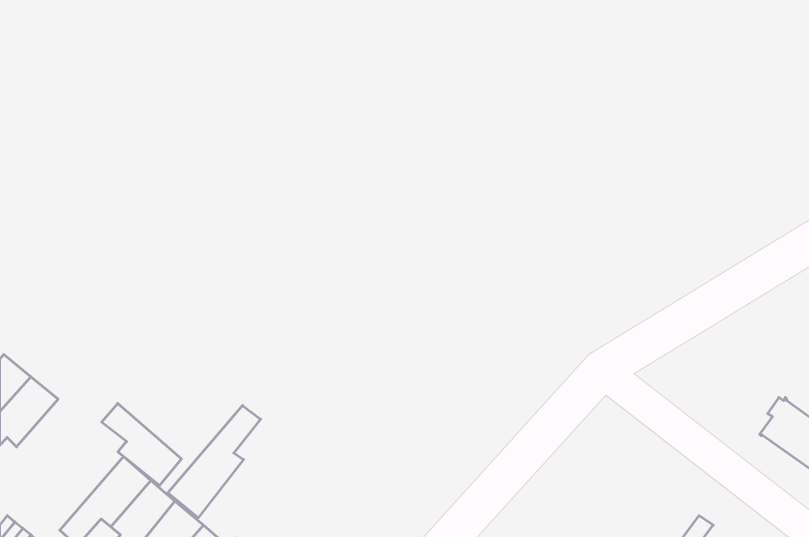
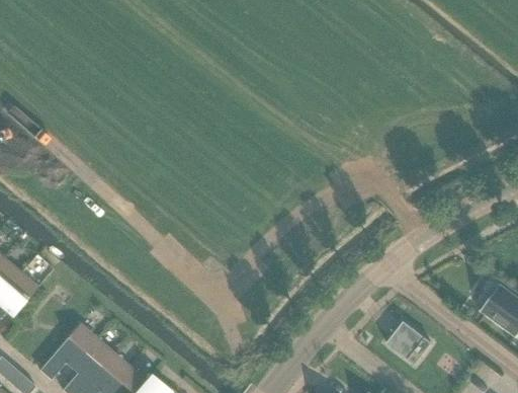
building: [102,403,181,485] -> none
building: [168,405,261,518] -> none
building: none -> [386,321,431,365]

